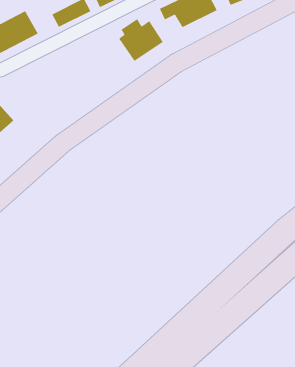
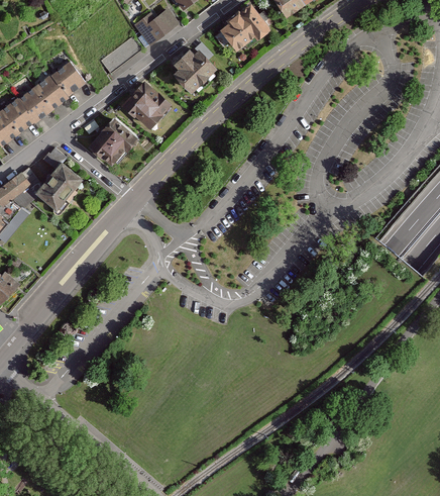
building: none -> [122,79,175,129]
building: none -> [89,115,143,169]

